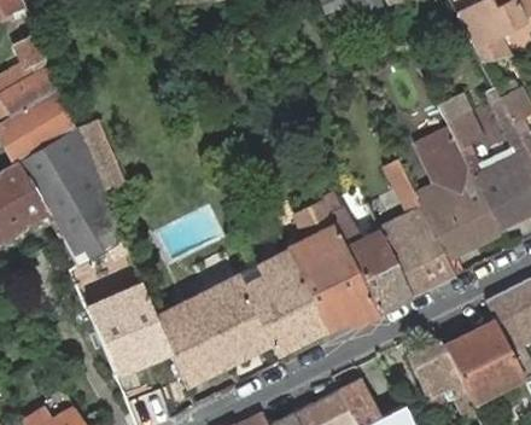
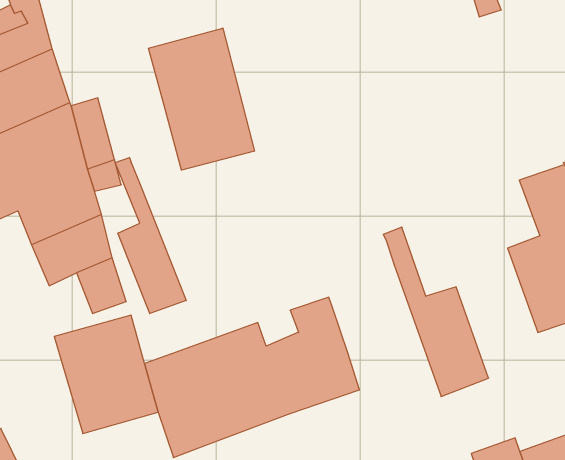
building: none -> [149,28,254,170]
building: [380,159,455,296] -> none
building: none -> [115,158,186,314]
building: [286,202,379,330] -> none

